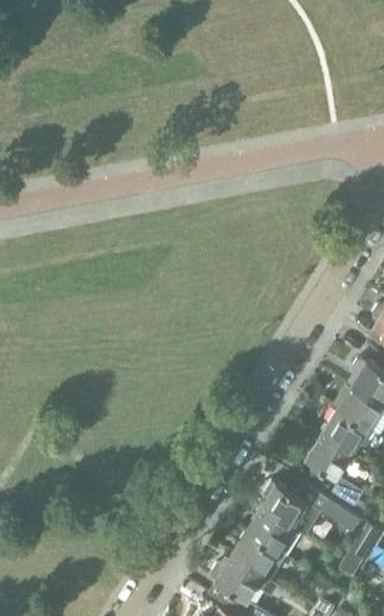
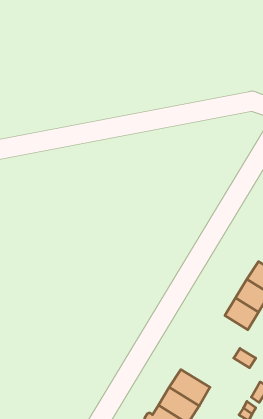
building: [301,436,351,480] -> none
building: [260,484,342,537] -> none

